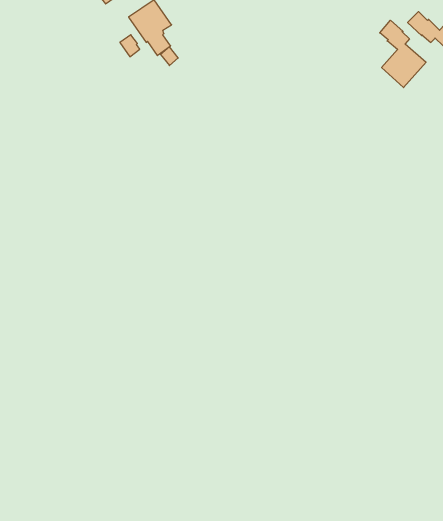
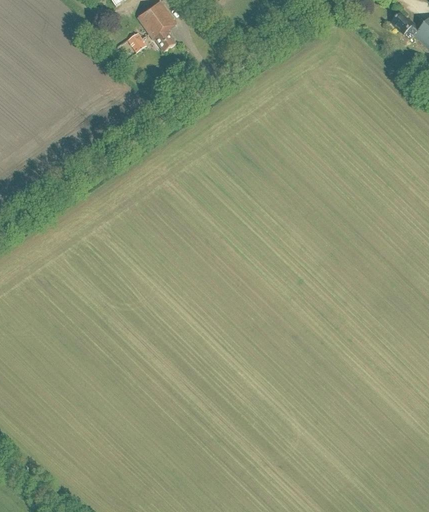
building: [380,20,426,88] -> none

